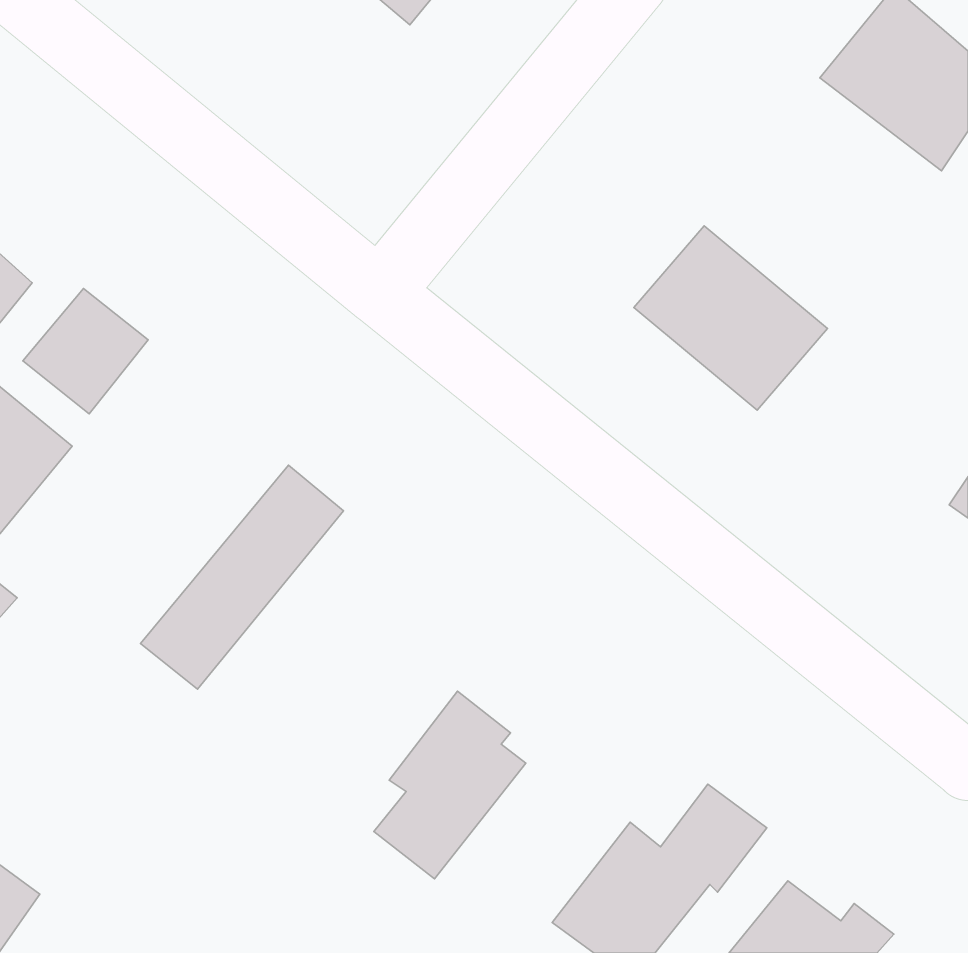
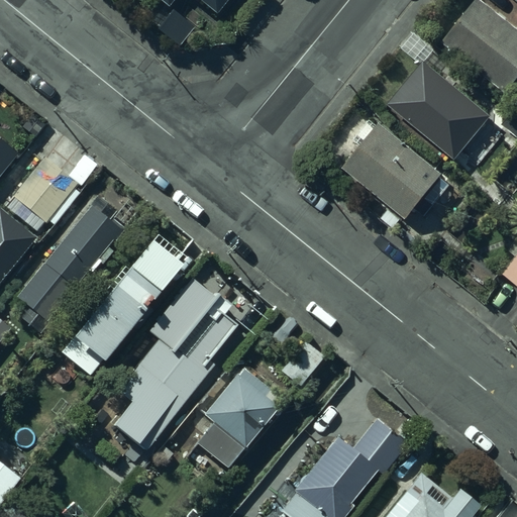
building: none -> [383,58,487,157]
building: none -> [14,203,124,326]
building: none -> [114,294,232,453]

